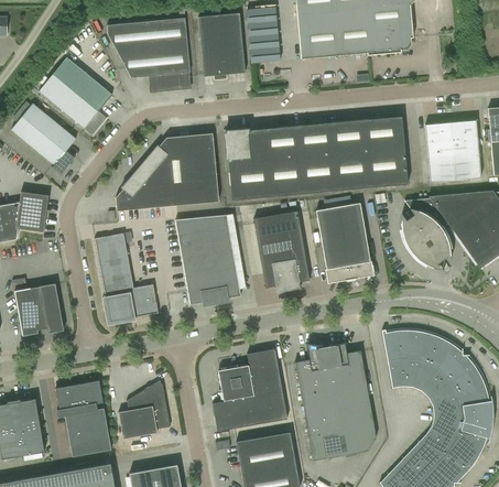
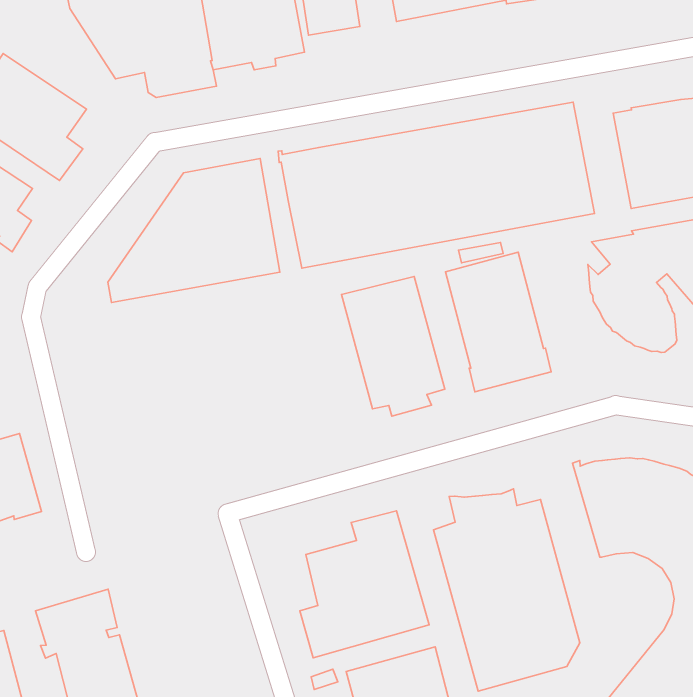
building: [175,220,246,305] -> none
building: [94,234,158,320] -> none
building: [118,380,170,439] -> none

